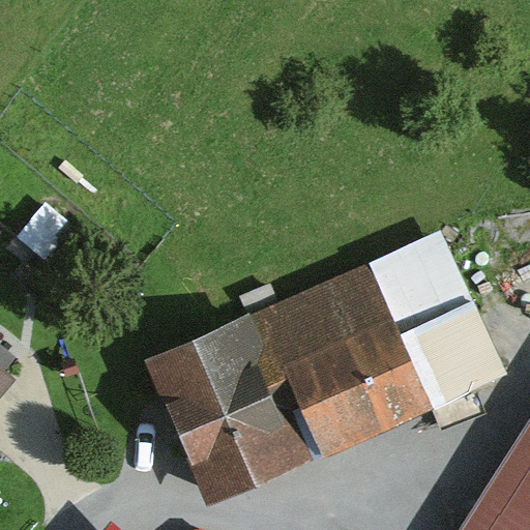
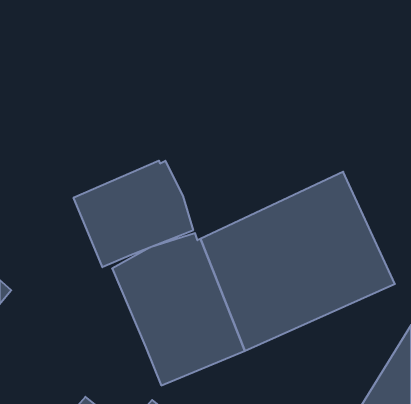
building: none -> [74,161,193,267]

